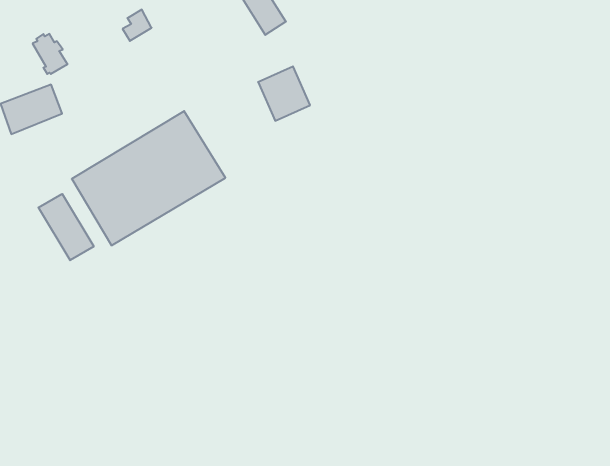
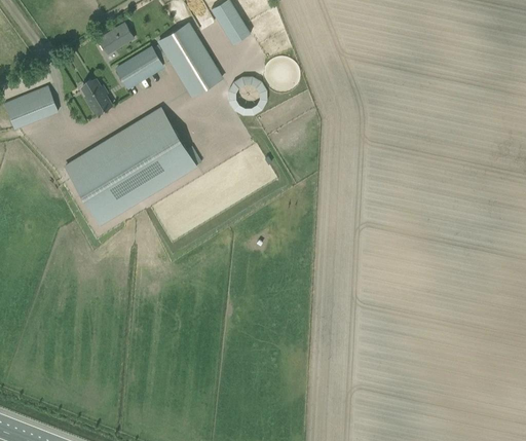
building: none -> [114,24,221,96]
building: [33,34,68,74] -> [81,79,111,113]
building: [38,194,94,260] -> none

